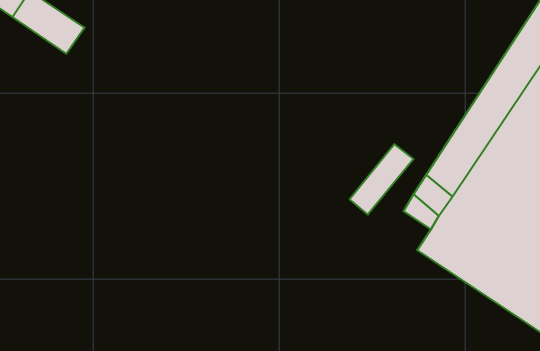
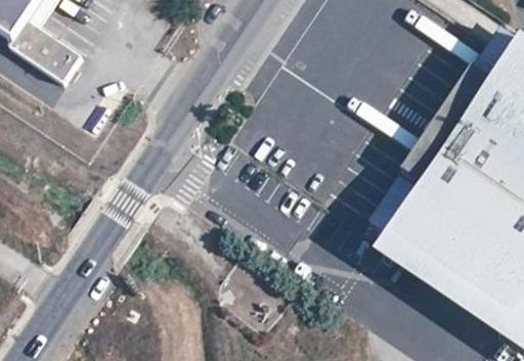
building: [350,144,414,215] -> none

